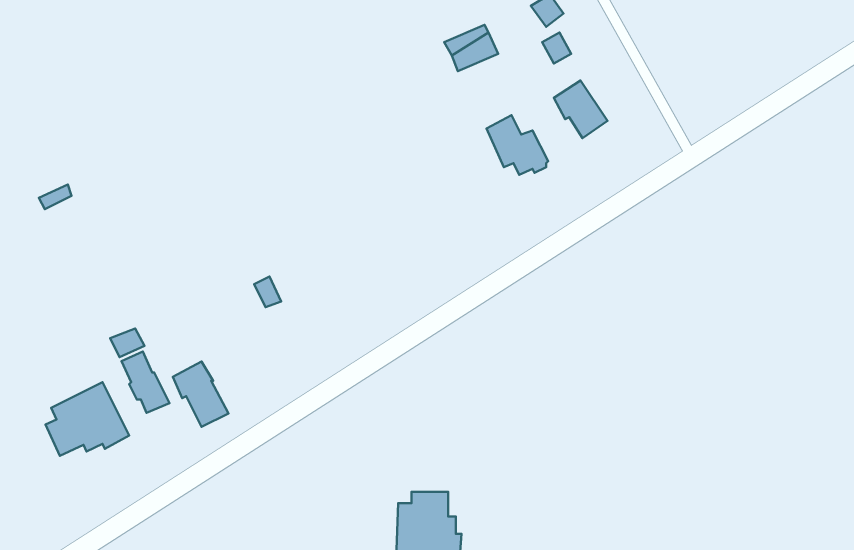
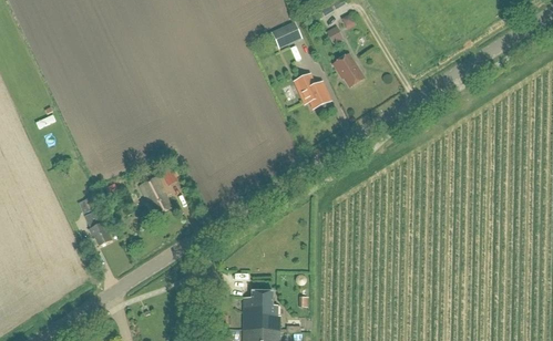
building: [173,362,228,427] -> [140,176,172,214]
building: [46,382,129,456] -> none

